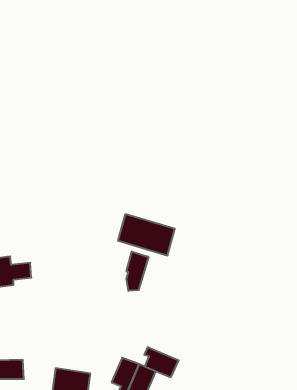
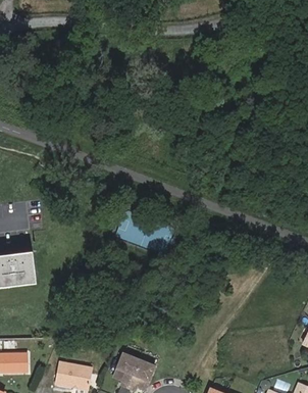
building: [127,251,148,291] -> none
building: [144,347,179,377] -> none

